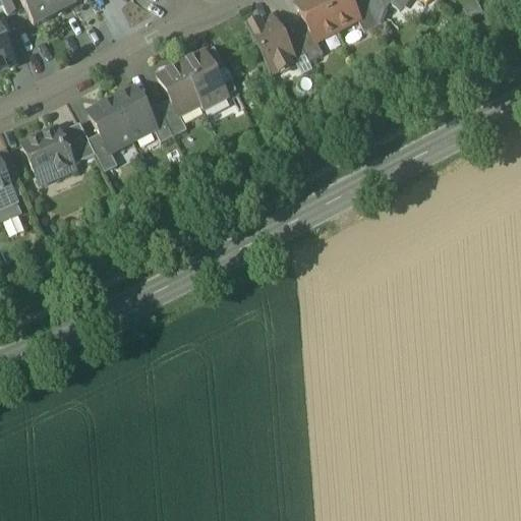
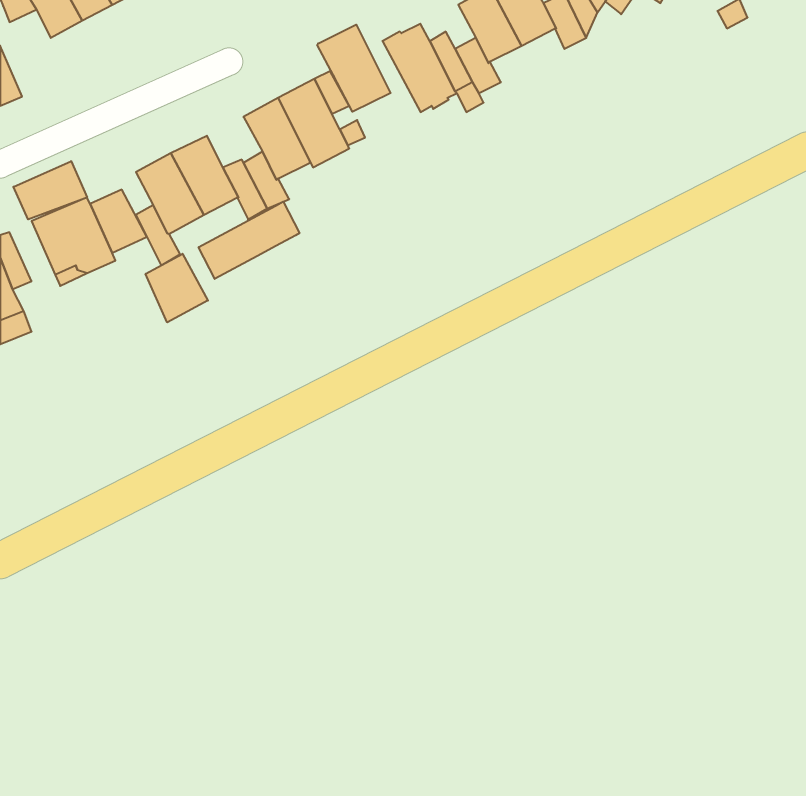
building: none -> [317,25,391,112]
building: none -> [13,161,87,219]
building: none -> [199,202,299,279]
building: none -> [146,254,208,322]

